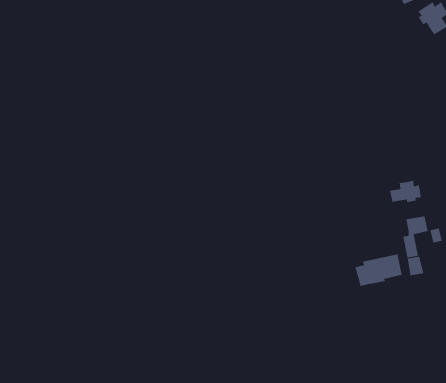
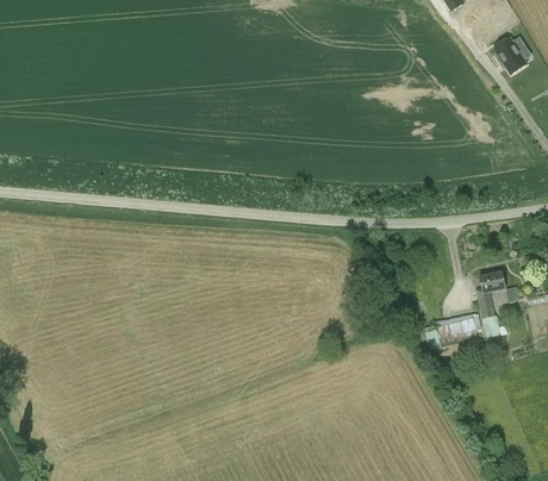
building: [390,180,421,203] -> none

